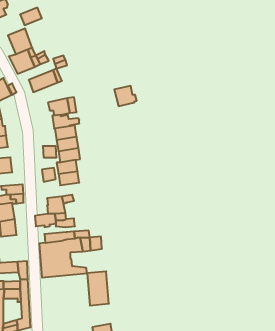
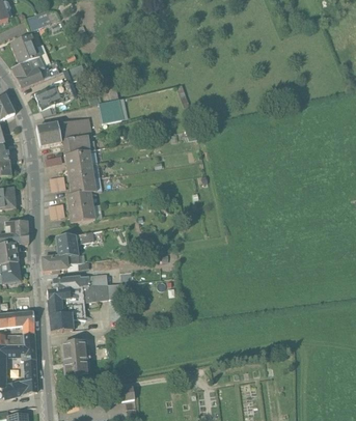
building: [114,86,137,106] -> [99,99,126,122]
building: none -> [36,122,61,145]
building: [87,271,109,305] -> [62,340,88,381]

